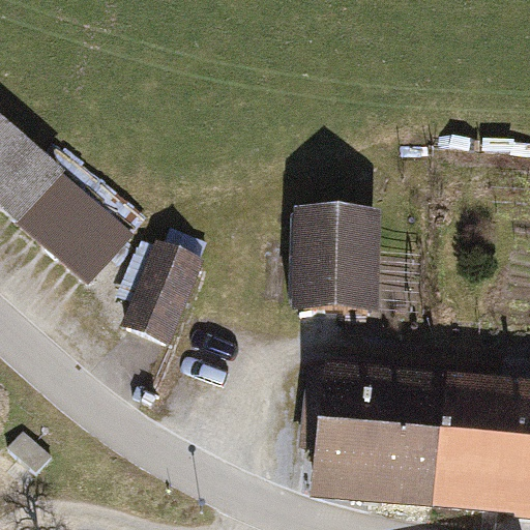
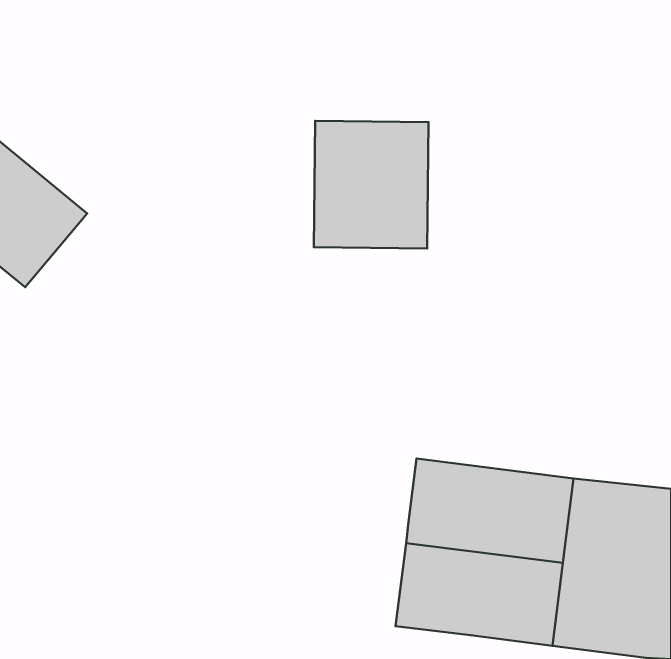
building: [20,168,137,283] -> none
building: [290,210,380,311] -> [314,121,429,249]
building: [119,235,204,343] -> none

